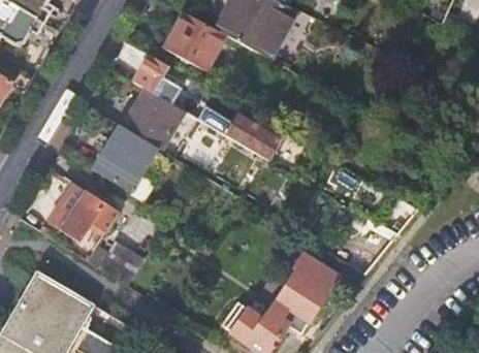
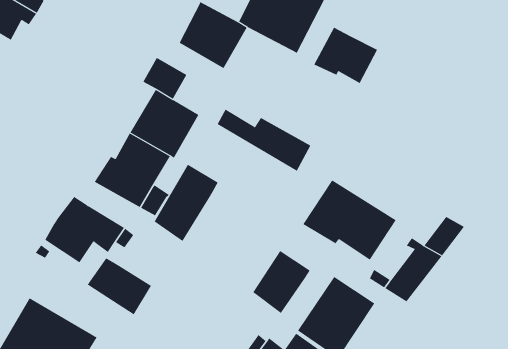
building: none -> [314,27,378,84]
building: none -> [154,164,219,242]
building: none -> [302,180,397,261]
building: none -> [252,250,310,314]

